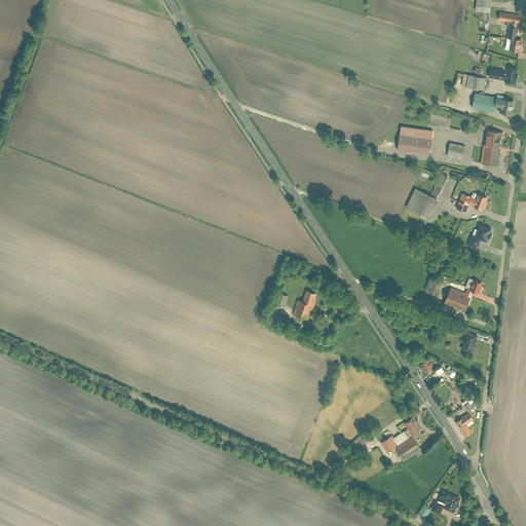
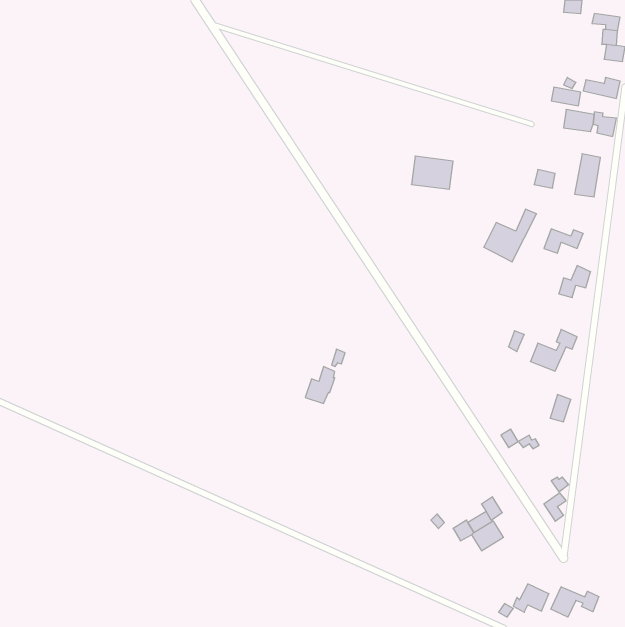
building: [398,126,433,154] -> [411,156,453,189]
building: [292,289,316,320] -> [305,367,335,403]
building: none -> [551,587,599,617]

